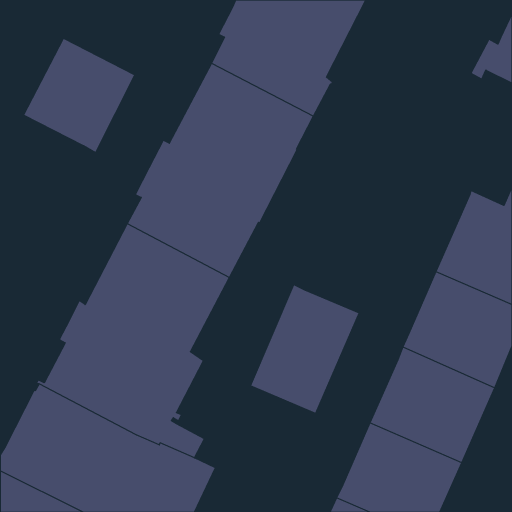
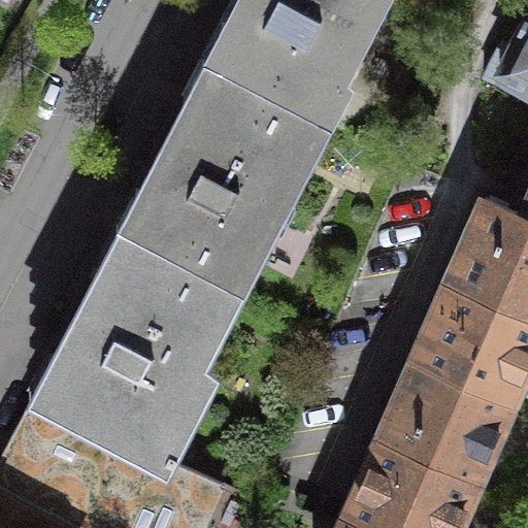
building: [24,38,135,153] -> none
building: [251,284,359,413] -> none

